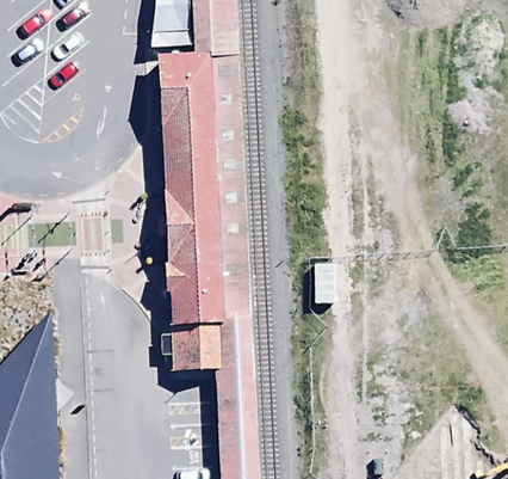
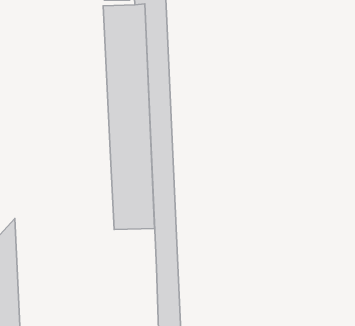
building: [171,321,222,370] -> none

